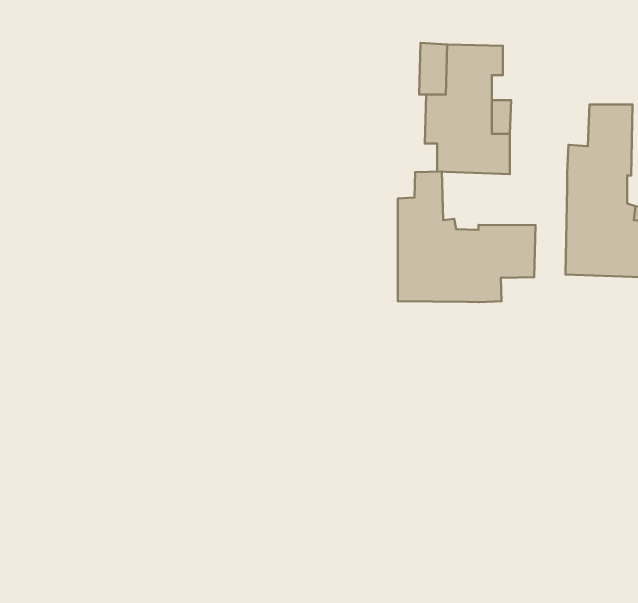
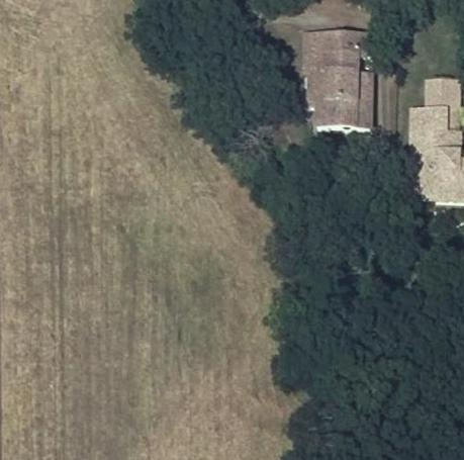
building: [398,172,535,302] -> none

